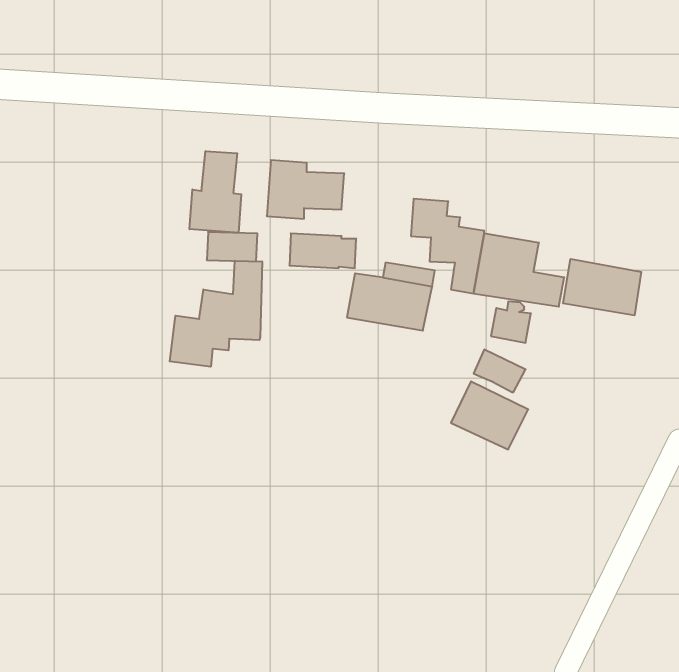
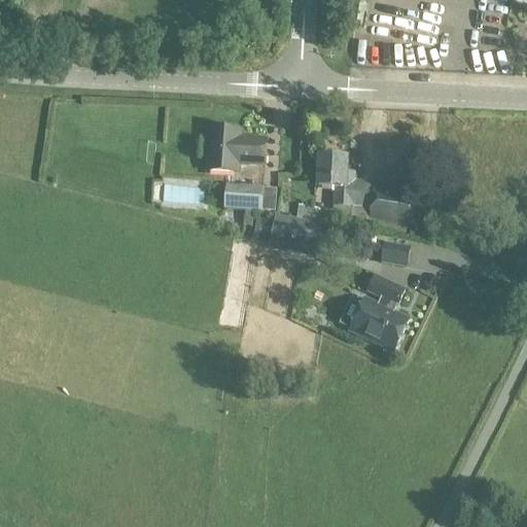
building: [190,151,241,233] -> none
building: [563,259,641,315] -> none
building: [170,261,262,367] -> none

